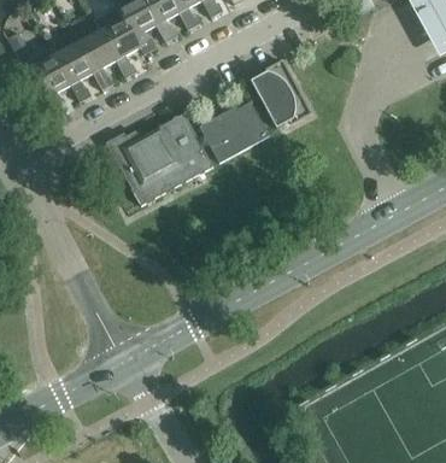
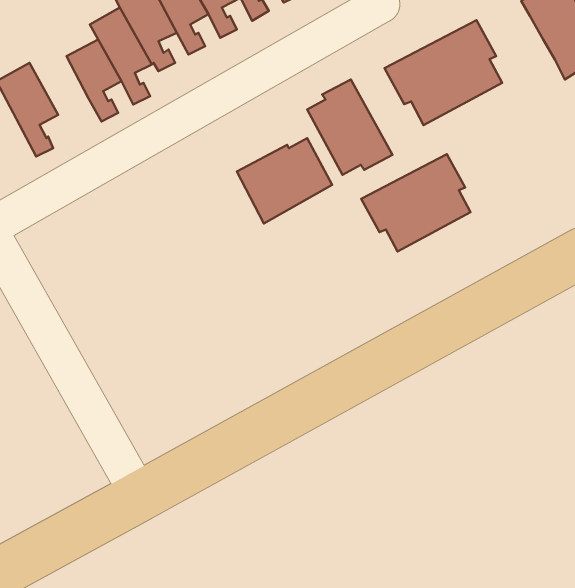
building: none -> [385,20,502,125]
building: [51,35,93,101] -> none
building: [108,112,213,205] -> none
building: none -> [361,154,471,252]

